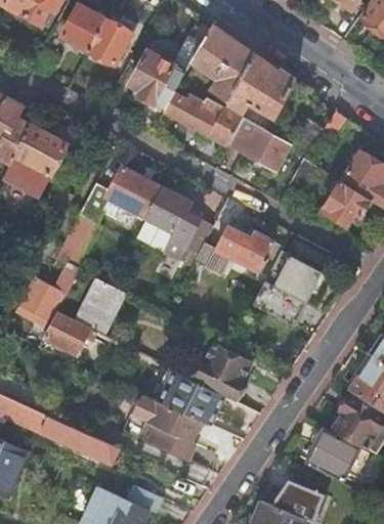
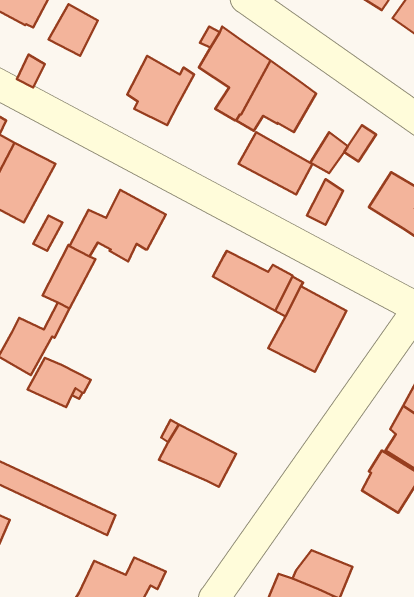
building: [88,13,136,64] -> none
building: [163,92,242,144] -> none
building: [323,181,370,225] -> none
building: [137,187,213,257] -> none
building: [72,276,125,335] -> none
building: [184,347,250,399] -> none
building: [125,394,199,461] -> none
building: [307,430,359,480] -> none

